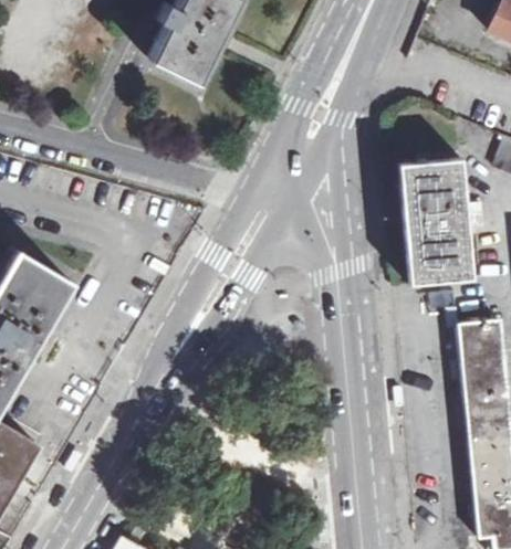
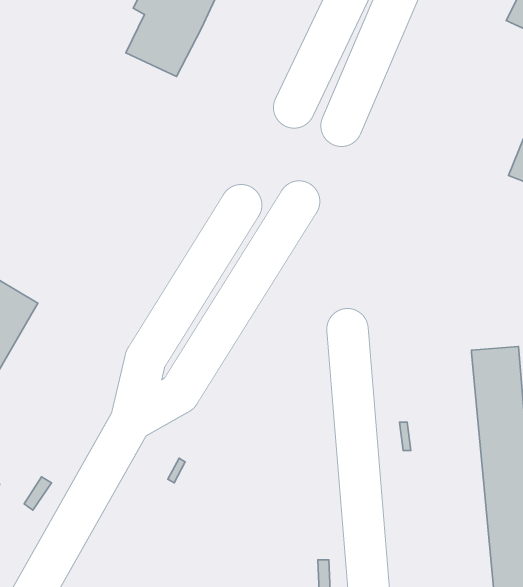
building: [399,160,473,286] -> none

